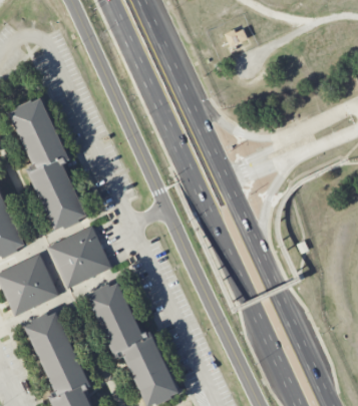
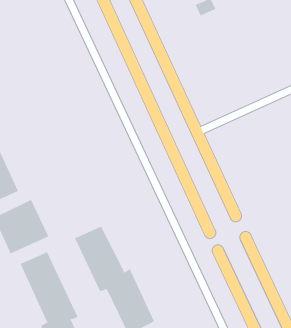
building: [9,99,86,231] -> none
building: [48,227,110,288] -> none

